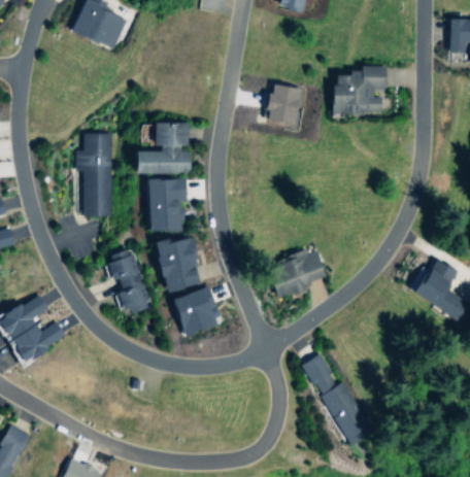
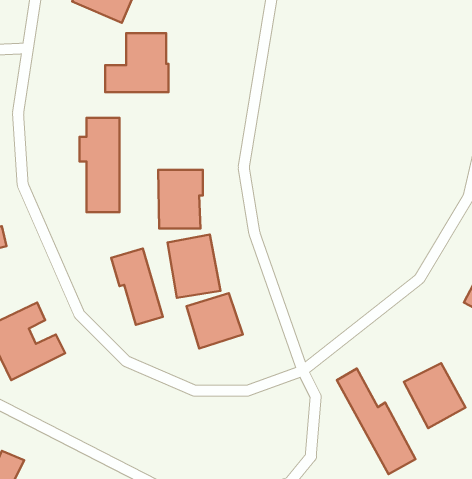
building: [332,66,388,114] -> none
building: [267,84,305,126] -> none
building: [135,123,191,174] -> [105,33,169,92]
building: [268,249,330,298] -> none
building: none -> [404,363,466,428]

